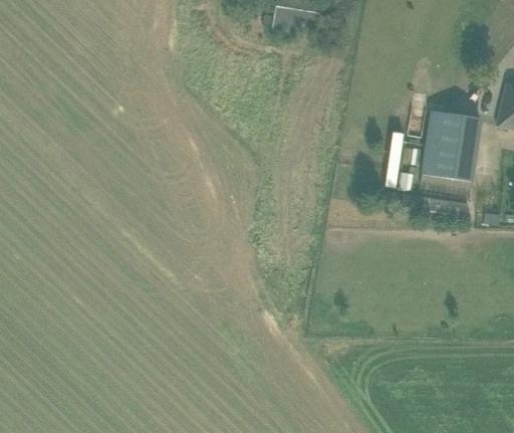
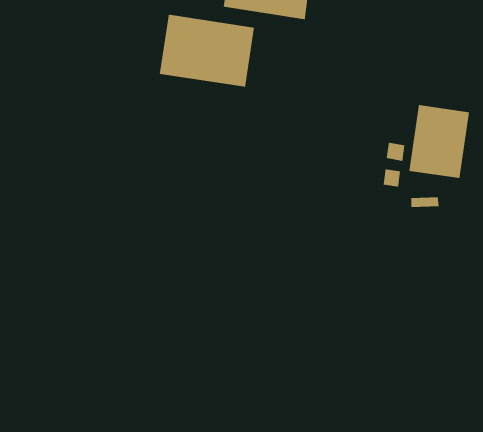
building: none -> [159,14,255,88]

